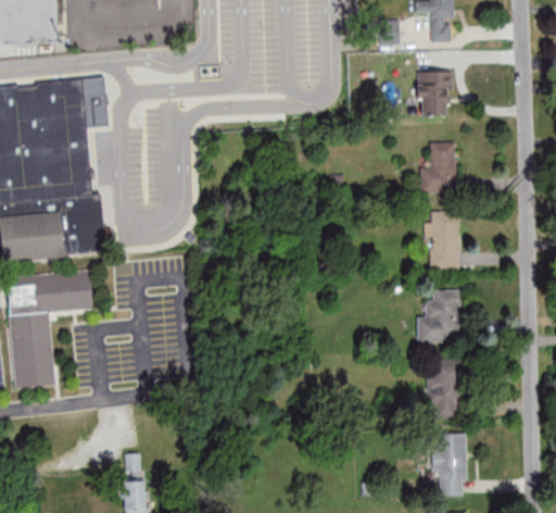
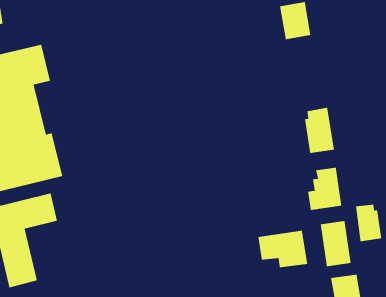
building: [419,142,456,193] -> none
building: none -> [355,204,382,242]
building: none -> [257,230,308,268]

